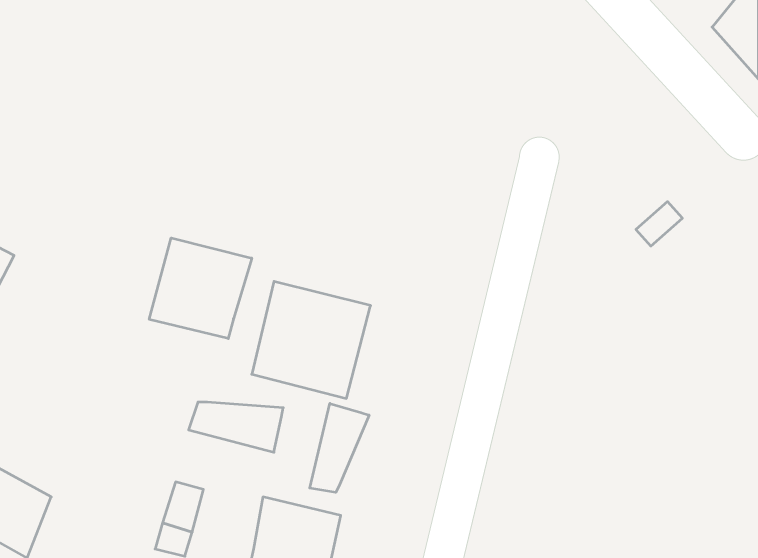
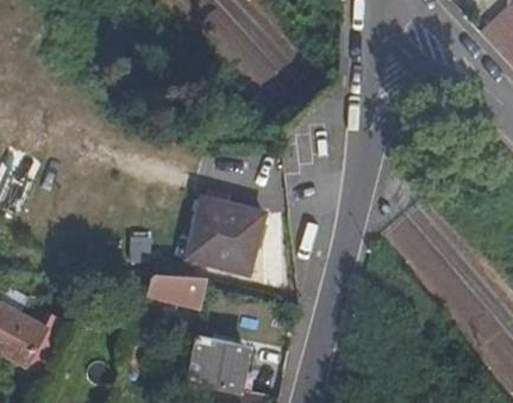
building: [149,238,252,339] -> none
building: [310,403,369,492] -> none

